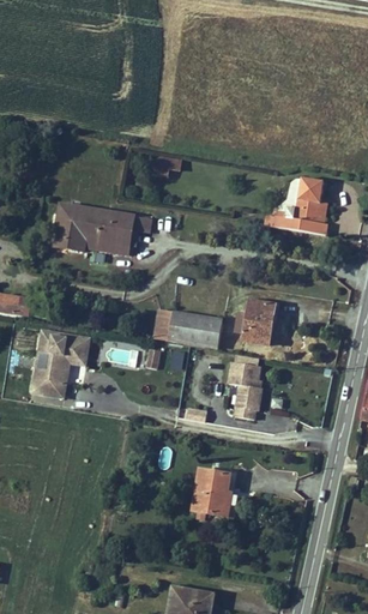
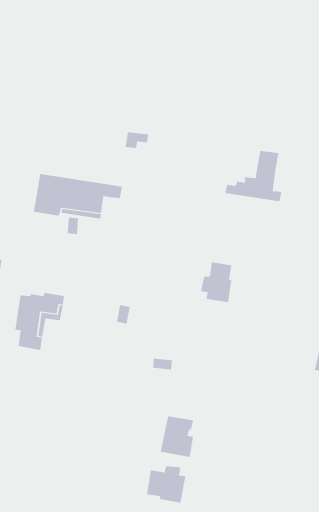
building: [153,312,223,348] -> none
building: [225,362,259,420] -> none
building: none -> [146,465,186,503]

